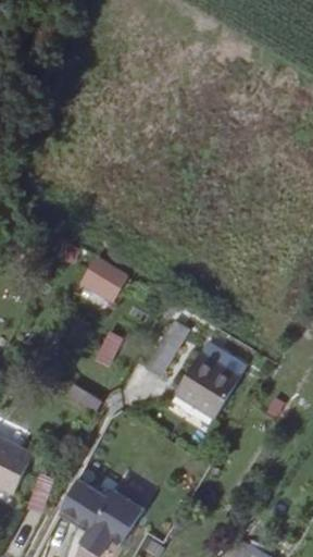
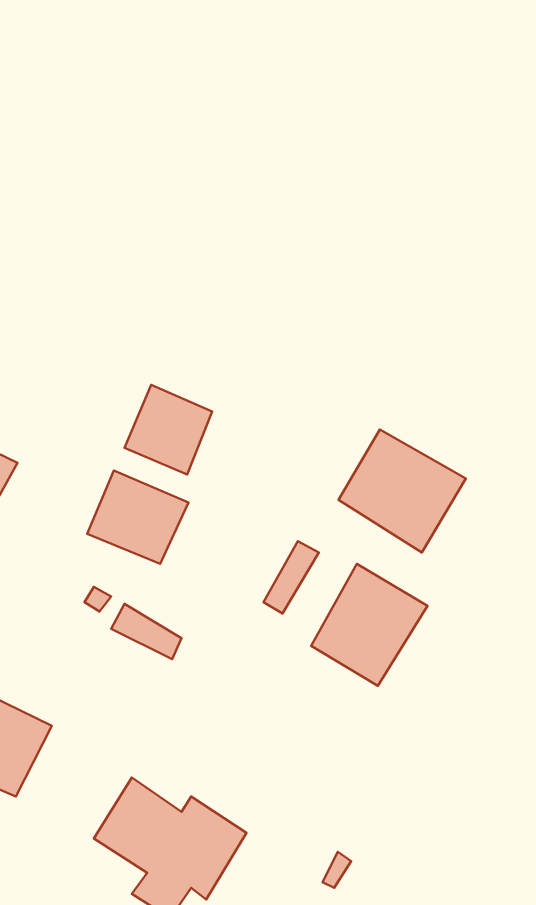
building: none -> [338,429,466,552]
building: none -> [87,471,189,564]

